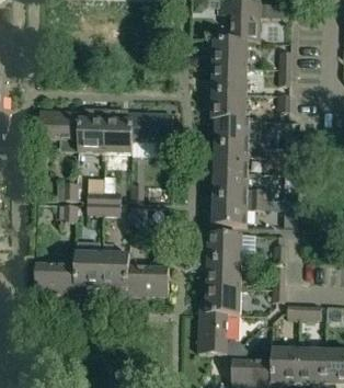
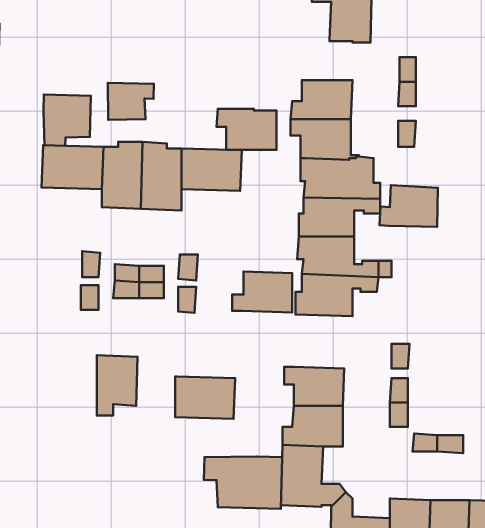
building: [206,38,246,66] -> [216,109,277,150]
building: none -> [108,83,154,120]
building: none -> [43,95,91,146]
building: none -> [380,185,438,227]
building: [200,232,241,260] -> [232,272,292,312]
building: [101,252,129,293] -> none
building: [34,262,74,292] -> none
building: none -> [204,457,282,509]

